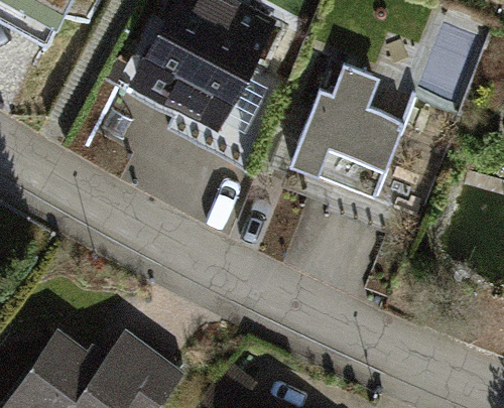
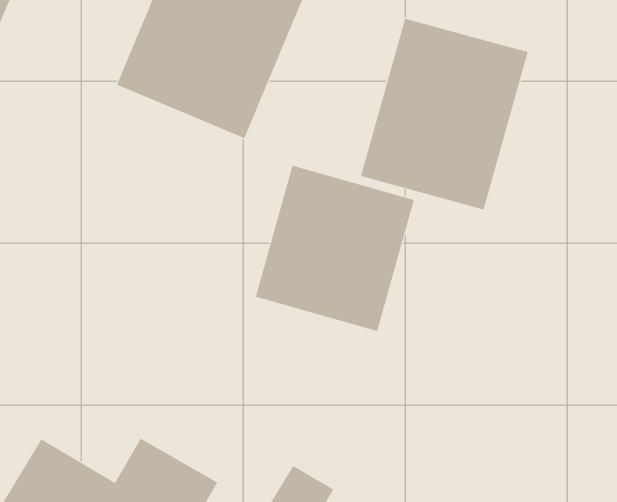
building: none -> [255,165,414,332]

